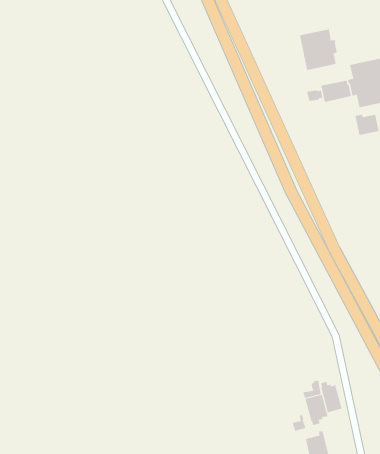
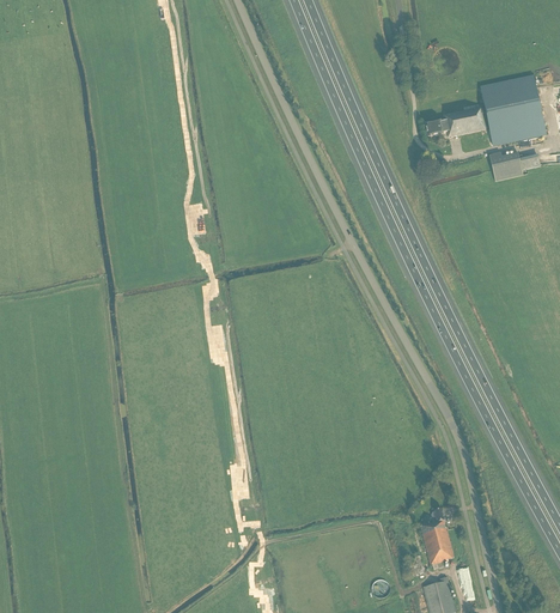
building: [300,28,338,71] -> none
building: [320,381,342,413] -> none

